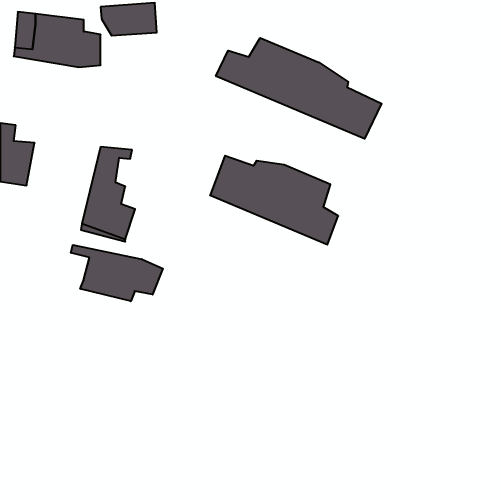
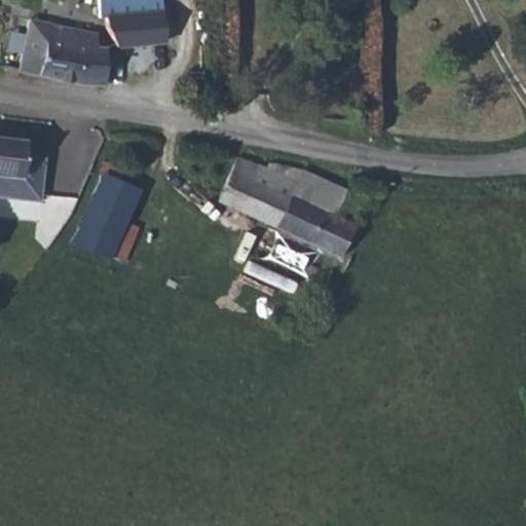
building: [216,38,382,139] -> none
building: [71,245,163,301] -> none

